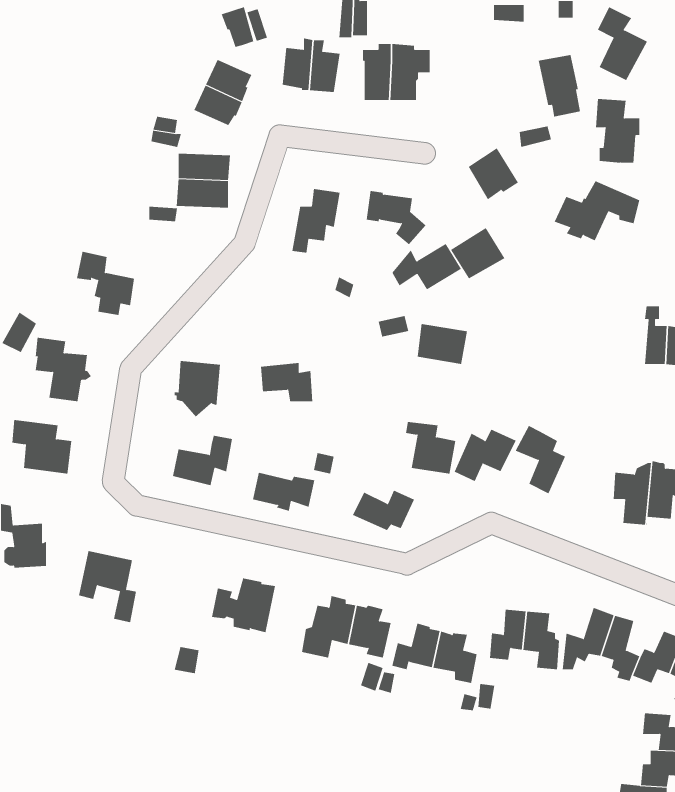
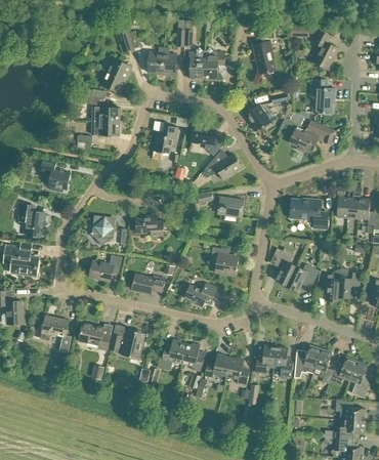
building: [538,55,581,117] -> [253,40,276,73]
building: [450,227,505,279] -> none
building: none -> [292,200,328,228]
building: [454,429,516,482] -> [287,263,320,291]
building: none -> [79,323,111,349]

